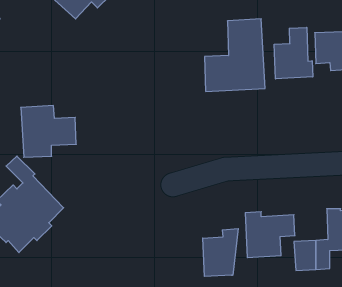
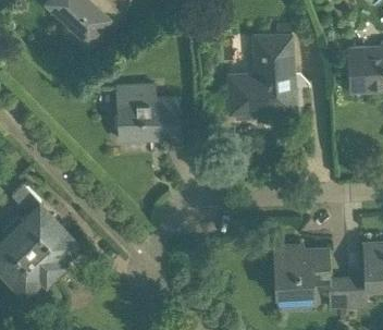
building: [274,27,313,79] -> none
building: [21,106,76,157] -> [116,85,177,142]
building: [203,229,238,276] -> none

